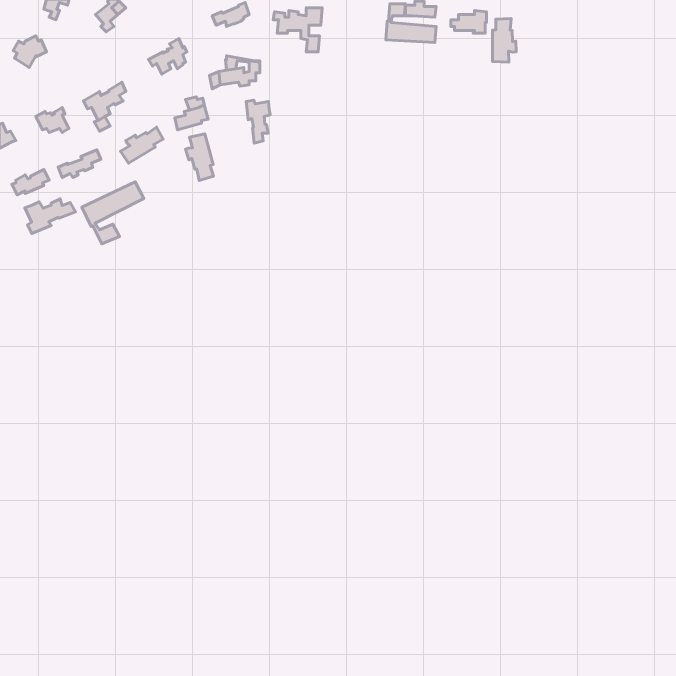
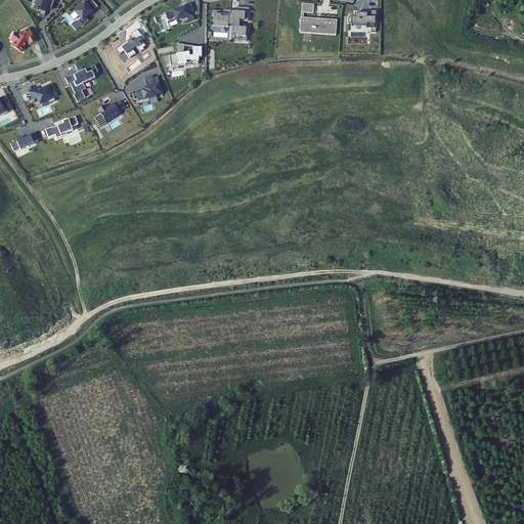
building: [493,19,516,62] -> none
building: [246,100,270,143] -> none
building: [185,134,213,181] -> none
building: [82,182,144,244] -> none
building: [25,199,76,233] -> none

